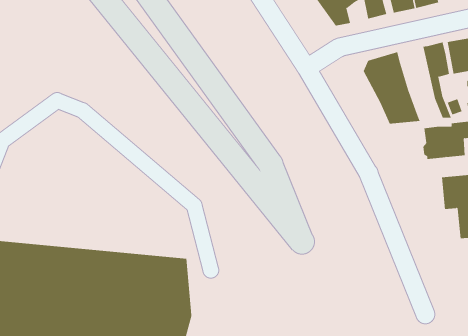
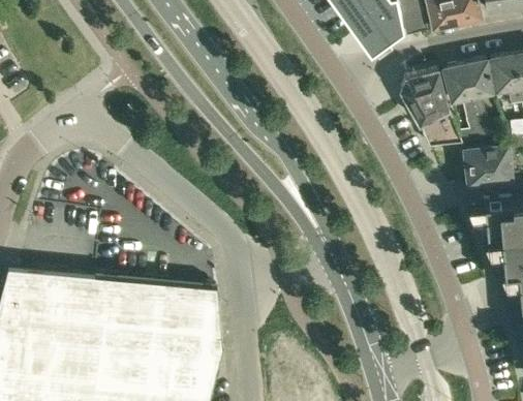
building: none -> [441,65,484,144]

